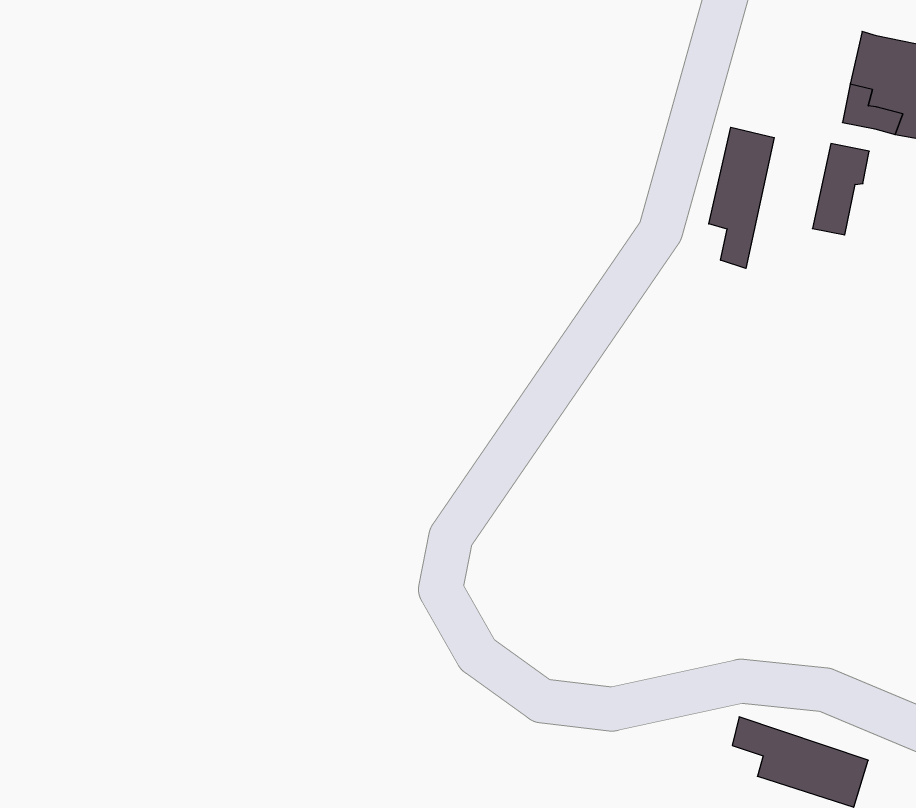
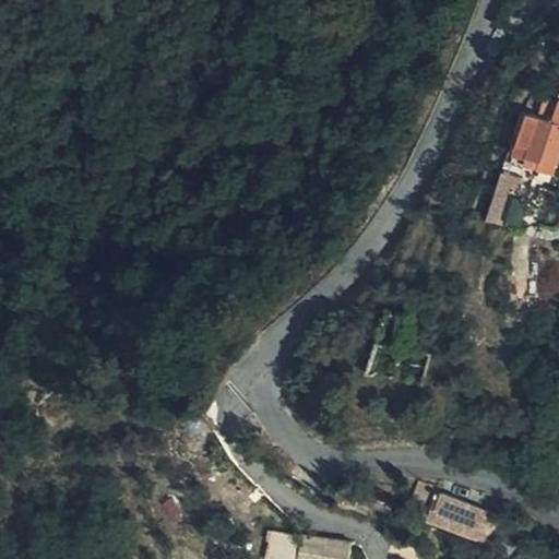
building: [709,127,774,268] -> none

